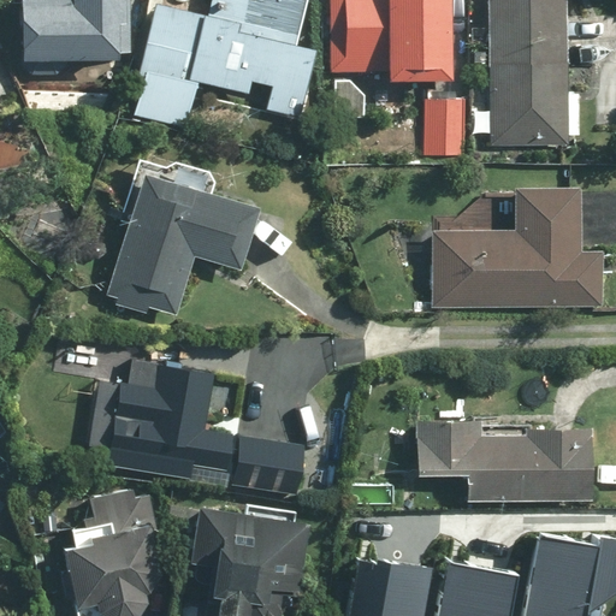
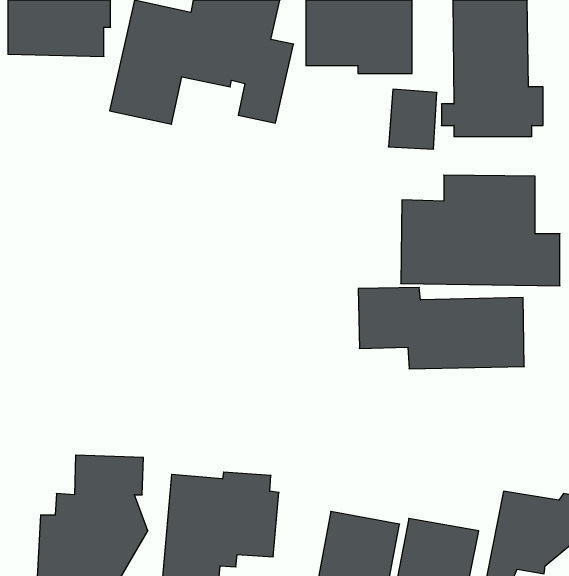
building: [108,155,260,319] -> none
building: [91,357,306,497] -> none
building: [416,416,593,503] -> [358,287,524,369]

